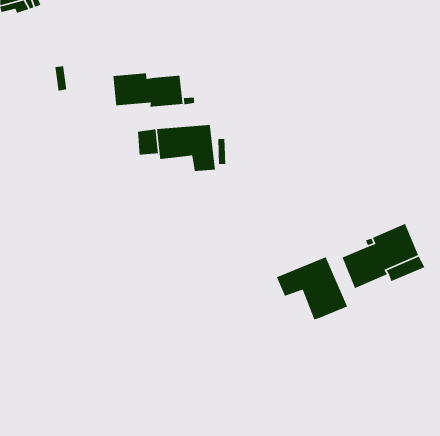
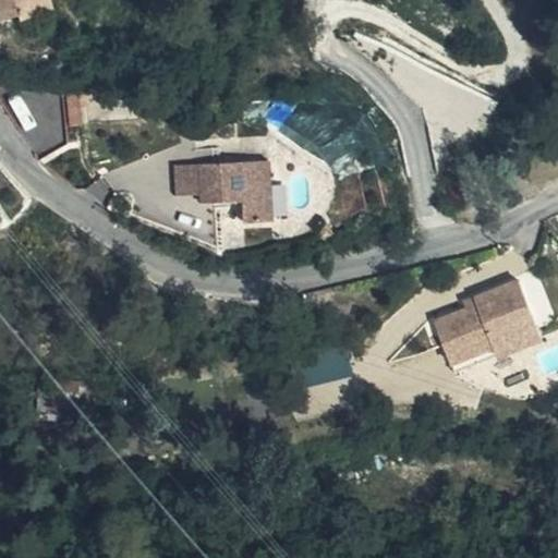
building: [113,73,184,107] -> none
building: [276,256,348,321] -> none

